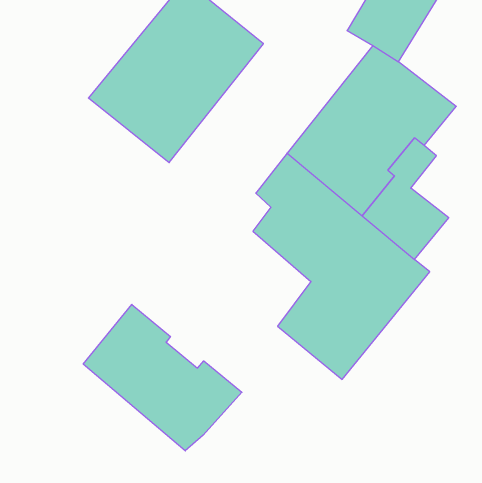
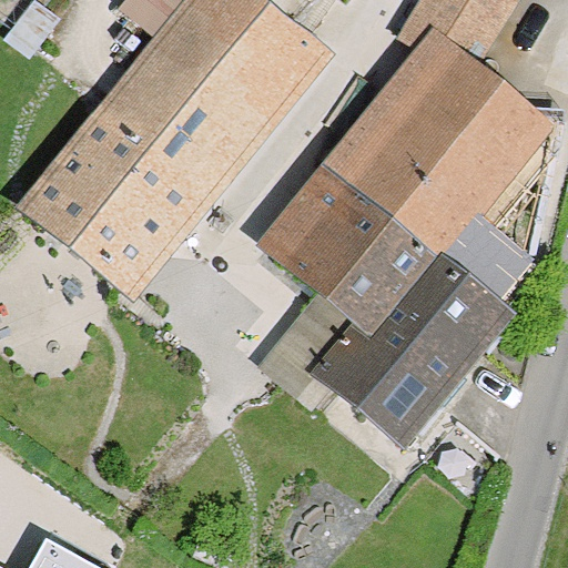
building: none -> [30,114,197,284]
building: [83,304,242,451] -> none

